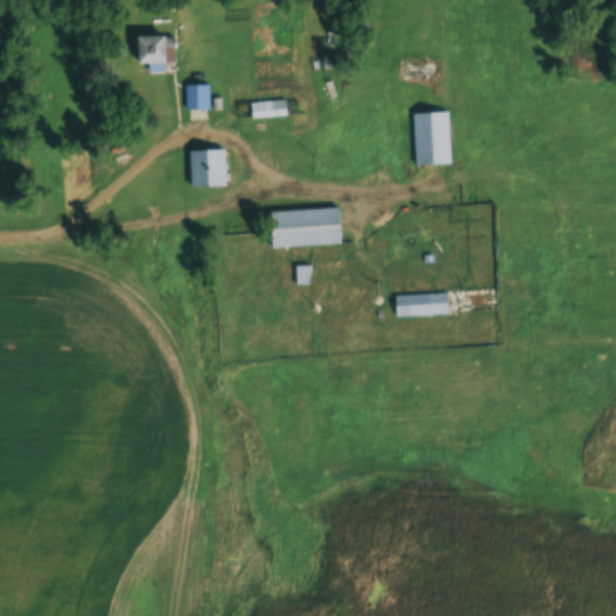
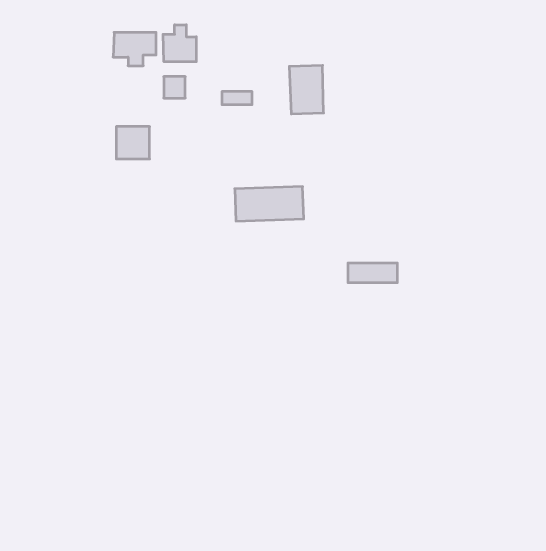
building: none -> [163,25,196,62]
building: [414,112,452,166] -> [289,65,324,114]
building: [189,150,226,186] -> [116,127,150,159]

